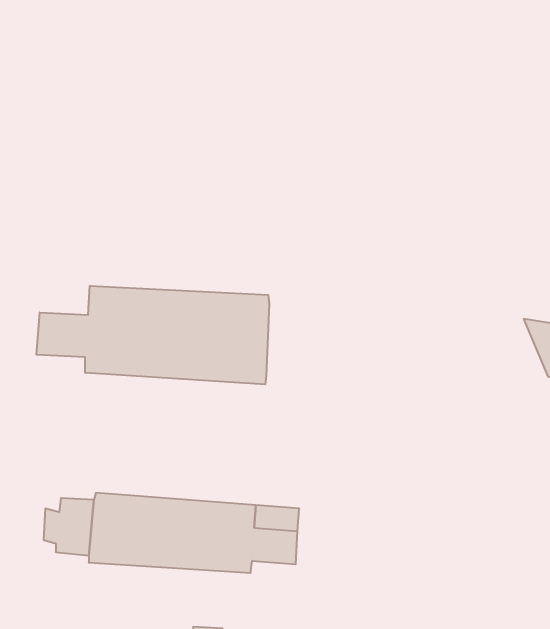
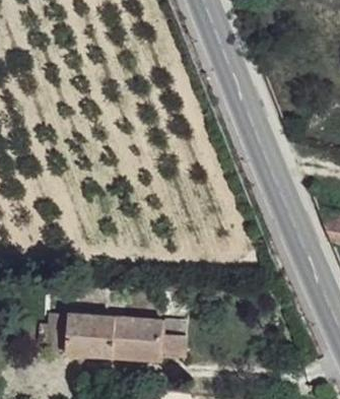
building: [37,286,269,384] -> none

